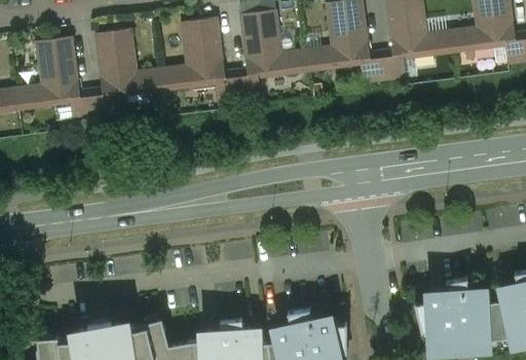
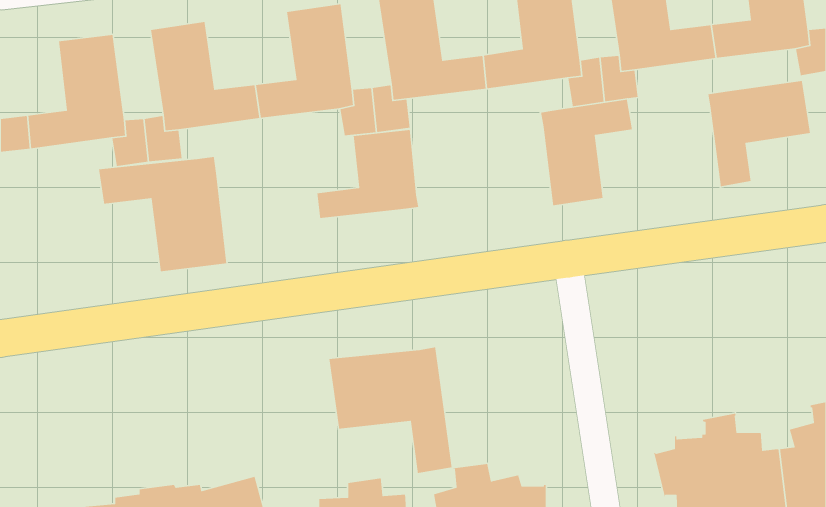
building: none -> [707,80,811,187]
building: none -> [540,99,633,206]
building: none -> [316,129,419,219]
building: none -> [98,156,227,272]
building: none -> [329,347,453,474]

